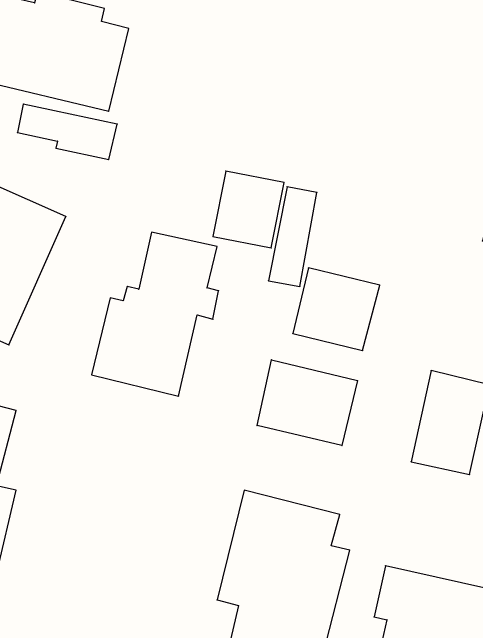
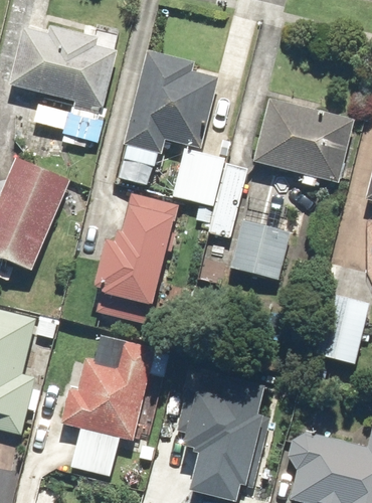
building: none -> [122,51,220,167]
building: none -> [253,97,354,181]
building: [257,360,358,446] -> none
building: none -> [62,342,149,476]

